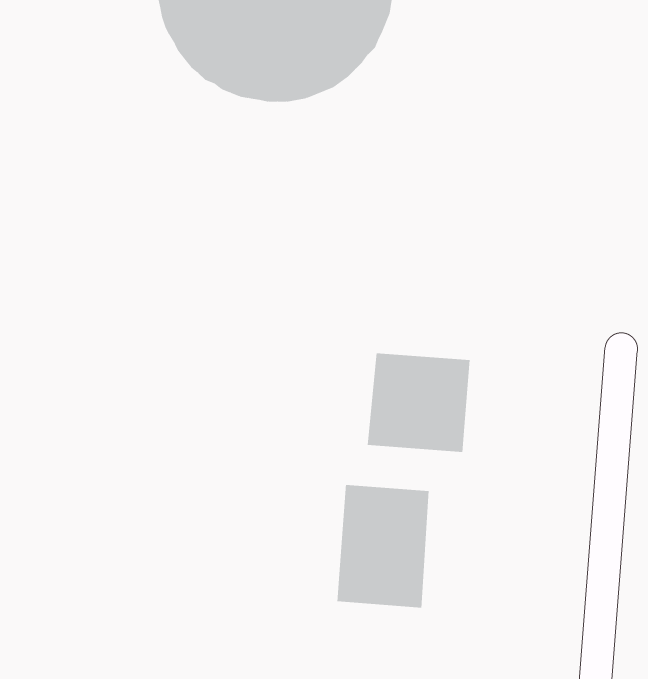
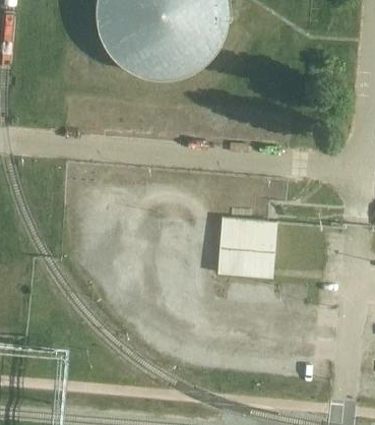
building: [337,484,429,609] -> none

